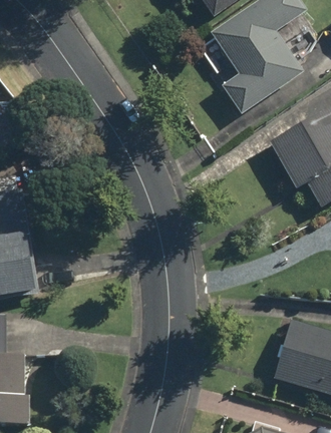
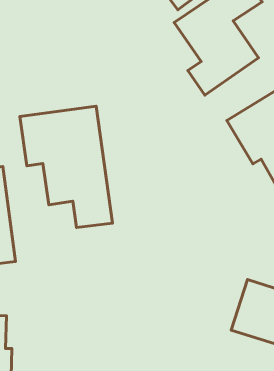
building: none -> [20,106,112,227]

